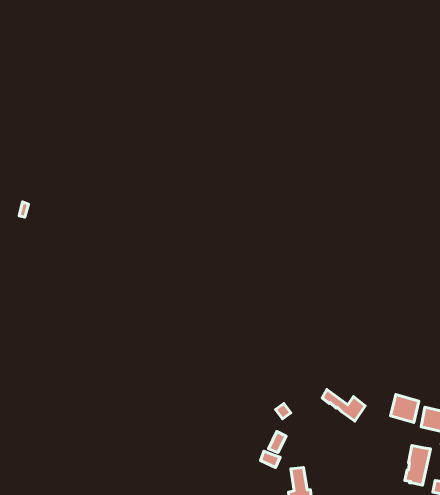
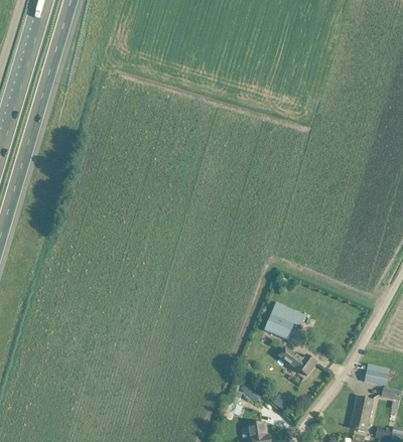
building: none -> [265,302,306,338]
building: [391,395,419,423] -> none

